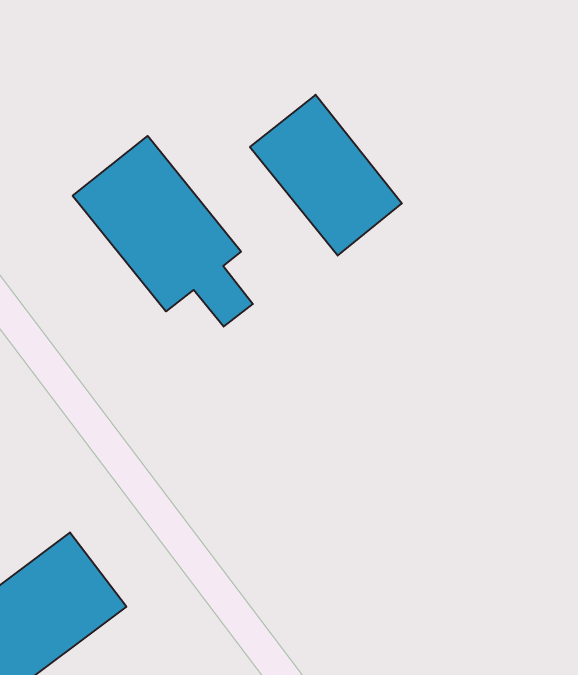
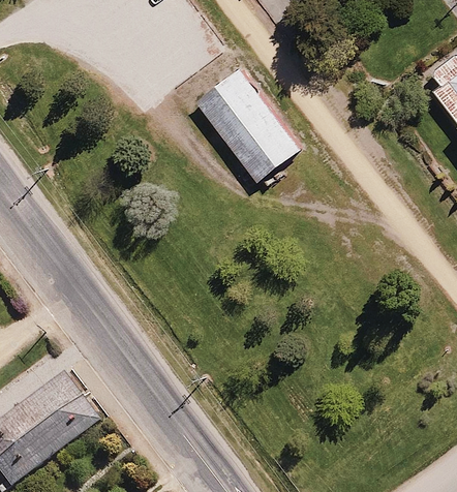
building: [73,136,253,327] -> none

